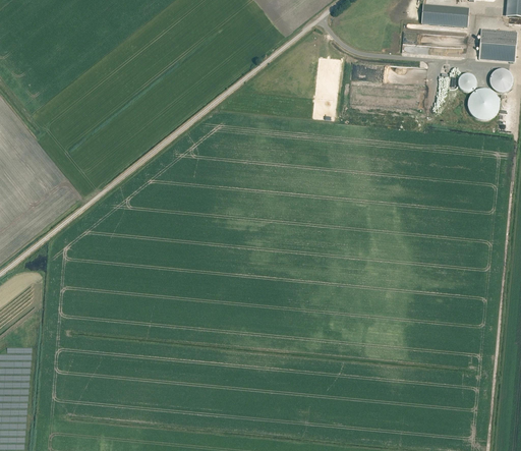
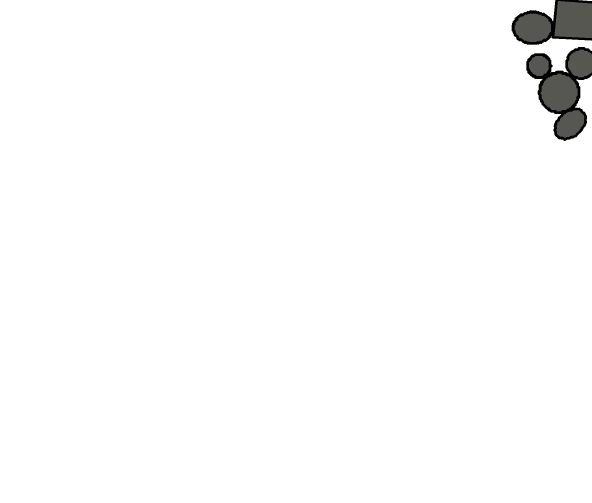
building: none -> [513,12,553,43]
building: none -> [555,109,586,140]

